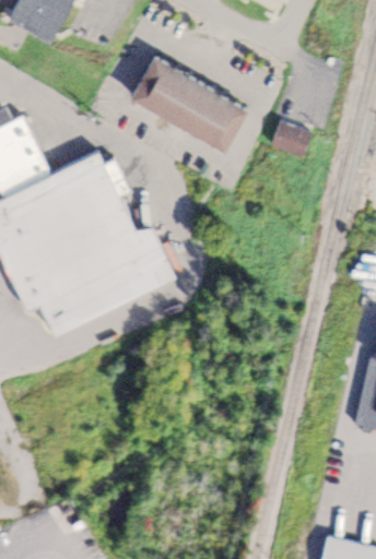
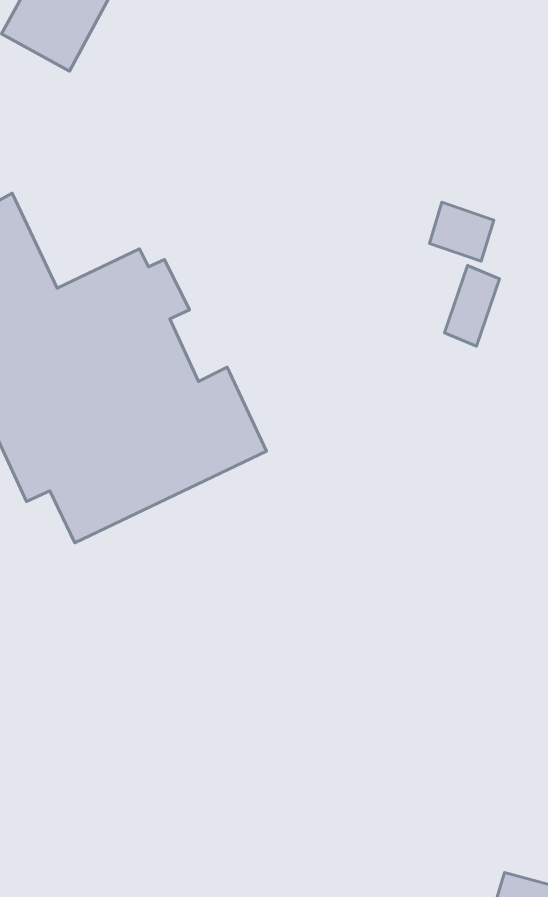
building: [139,57,254,148] -> none
building: none -> [444,266,500,346]

